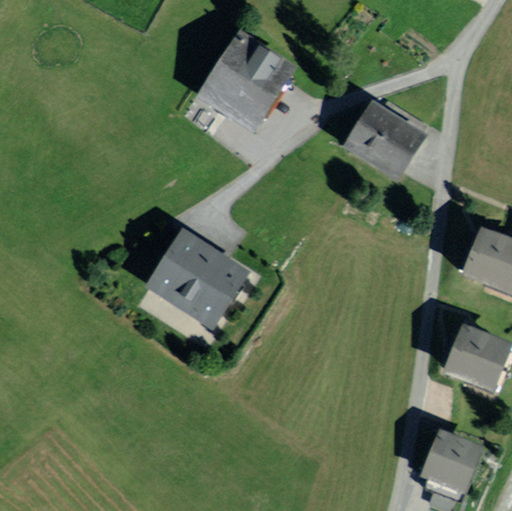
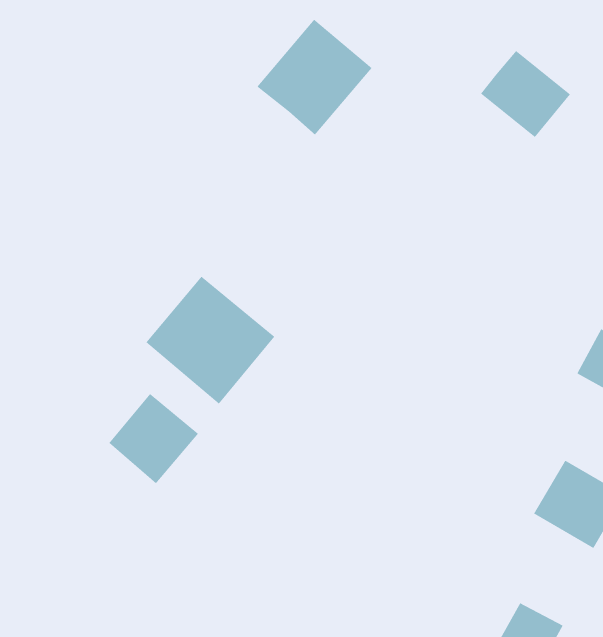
building: [354,111,418,171] -> [480,50,571,138]
building: none -> [109,393,199,484]

